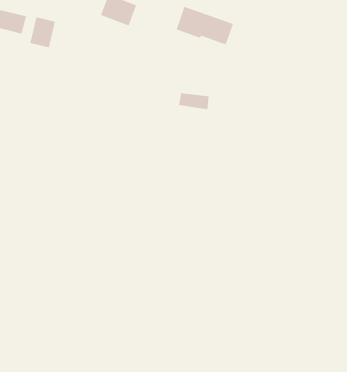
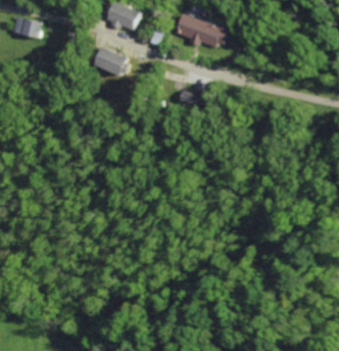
building: [30,17,56,48] -> none
building: none -> [95,47,130,76]

